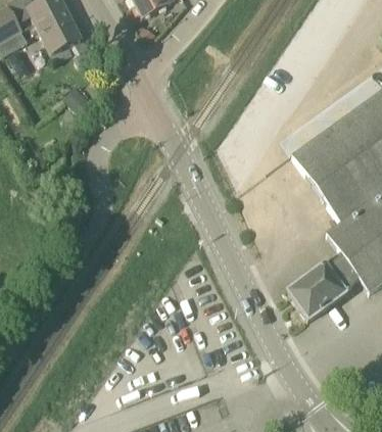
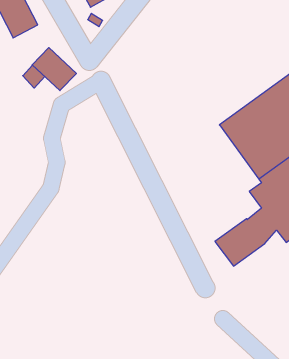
building: none -> [32,48,76,91]

